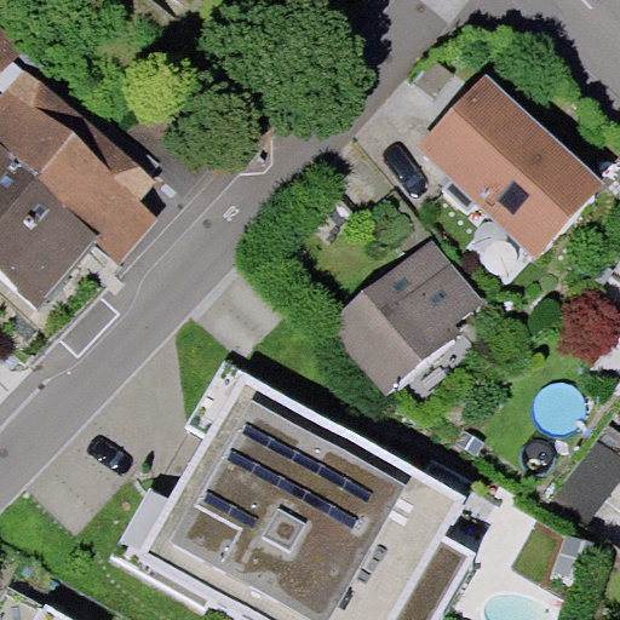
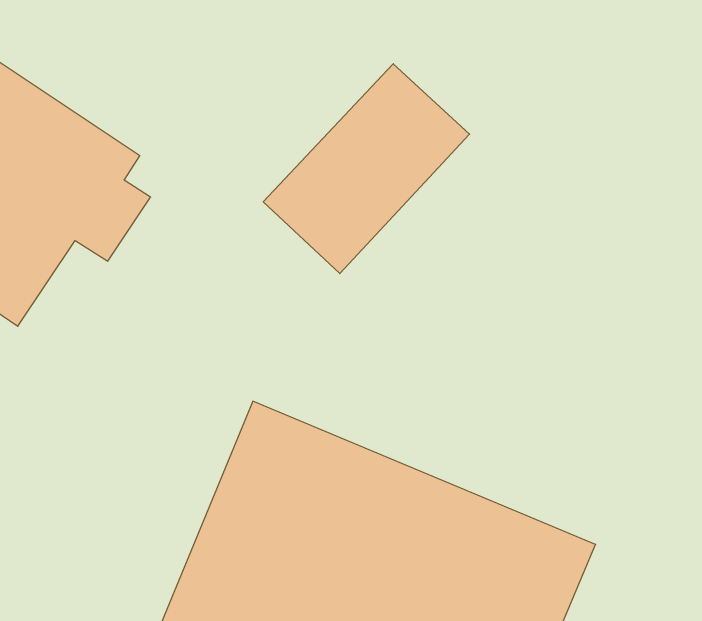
building: [418,91,592,260] -> none
building: [315,236,486,398] -> [263,64,470,274]

